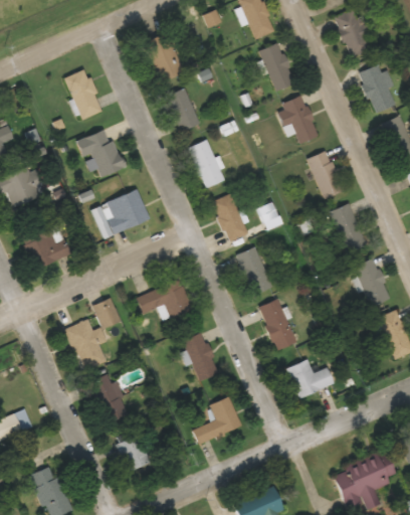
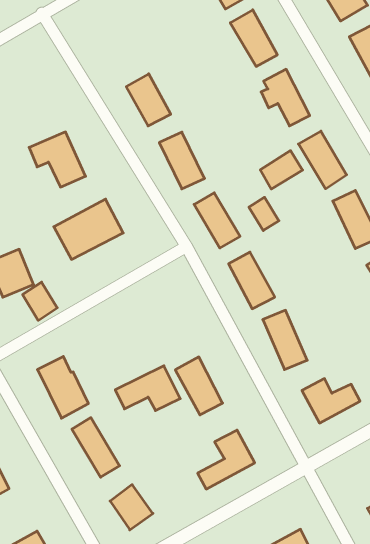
building: [143,33,185,84] -> none
building: [65,69,102,120] -> none
building: none -> [260,151,303,189]
building: [137,281,191,318] -> [115,366,180,411]
building: [92,298,121,330] -> [23,282,57,320]

